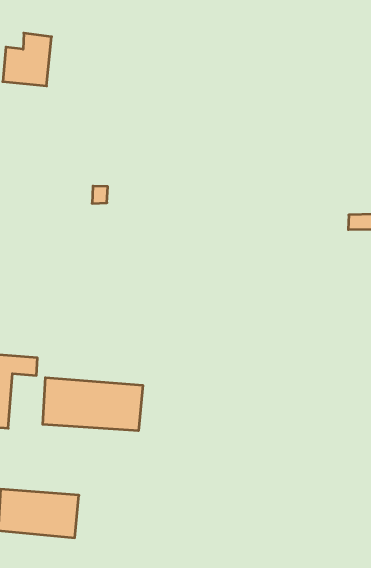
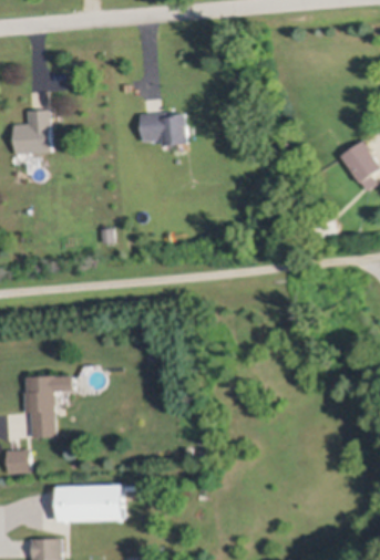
building: none -> [140,112,187,147]
building: [43,378,143,431] -> none

